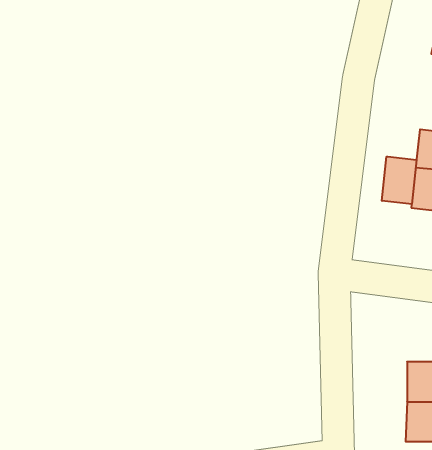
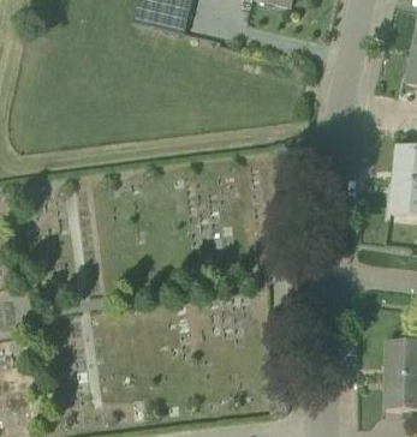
building: [382,157,416,204] -> none

